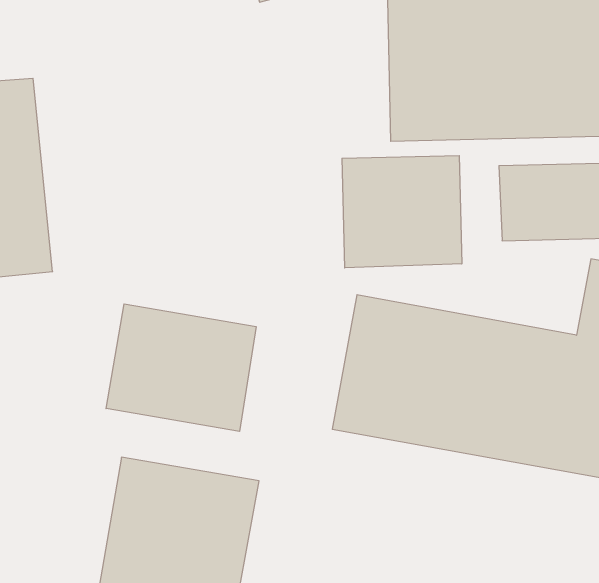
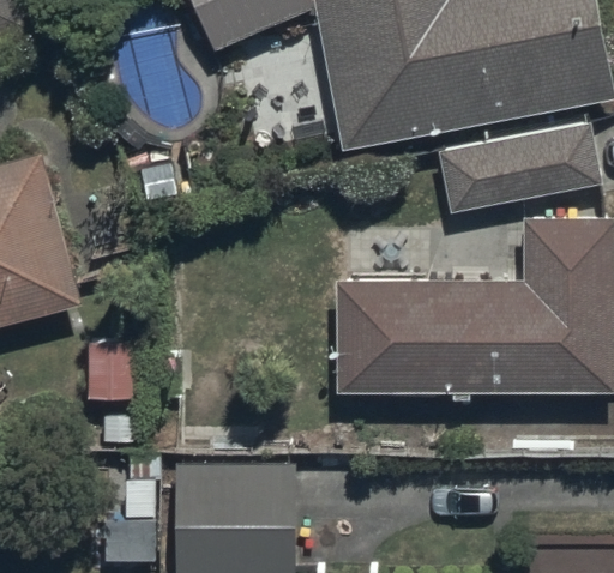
building: [342,156,462,268] -> none
building: [106,304,256,431] -> none

